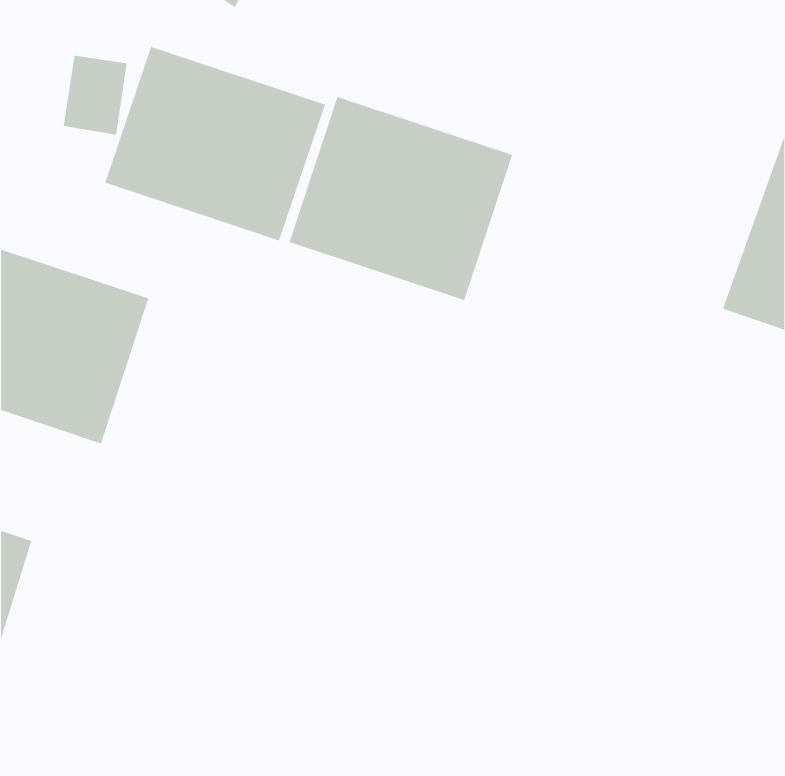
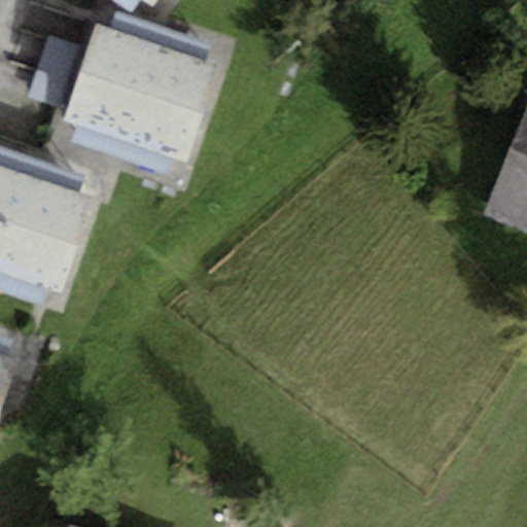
building: [289,96,513,301] -> none

